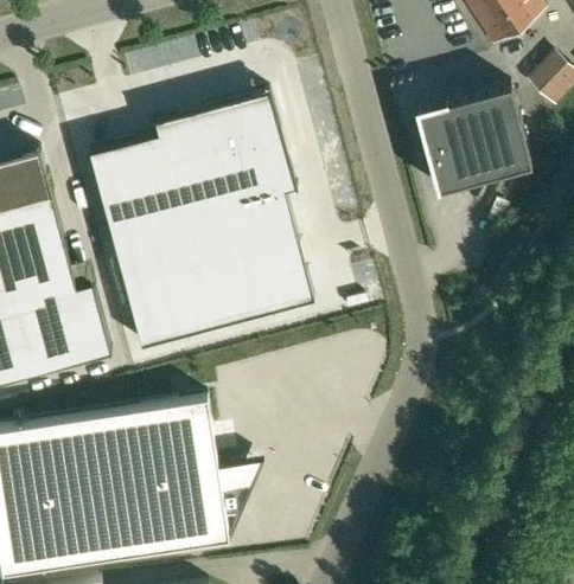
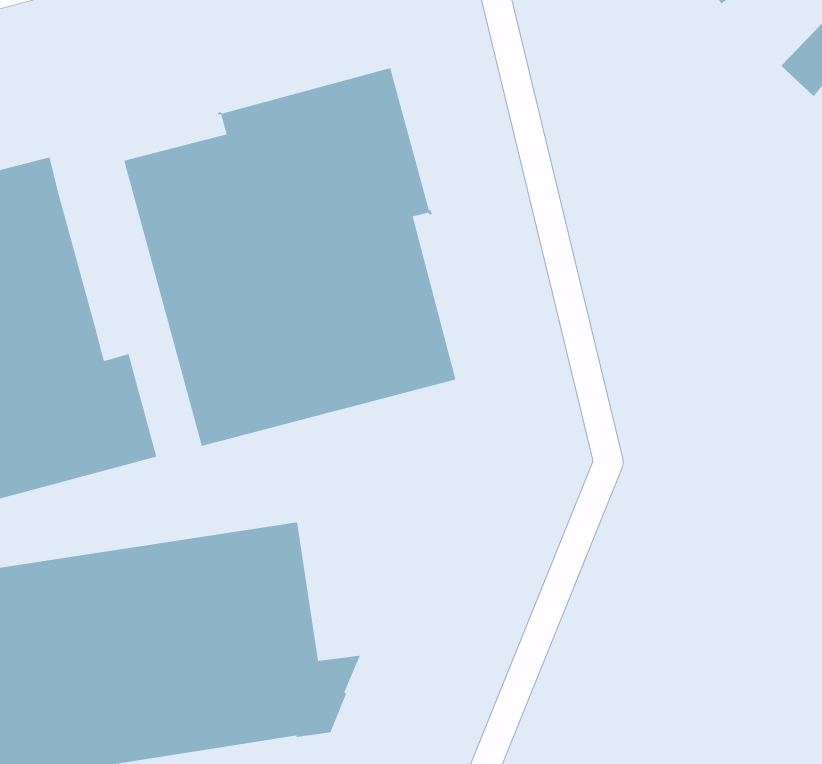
building: [423,86,530,191] -> none

